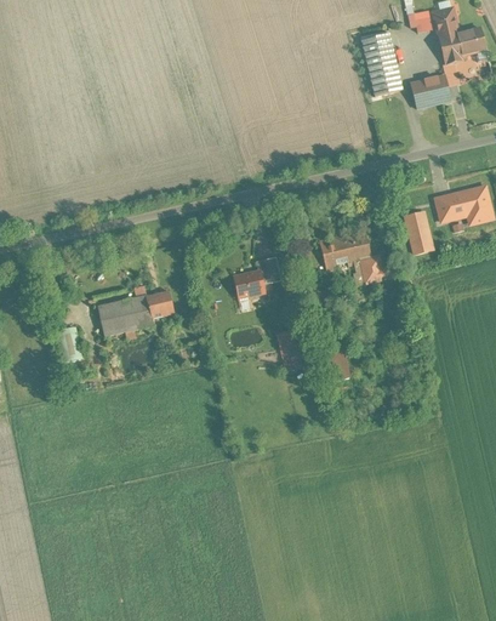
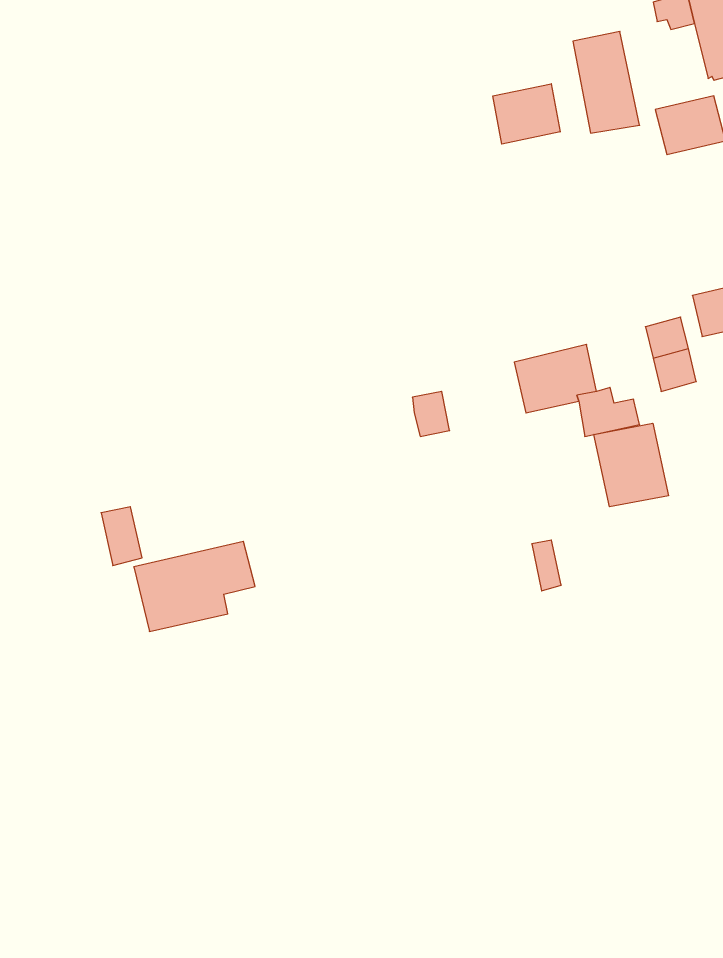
building: none -> [493,84,560,144]
building: [233,269,266,301] -> none
building: none -> [594,423,668,507]
building: [98,281,173,337] -> [134,541,255,631]

